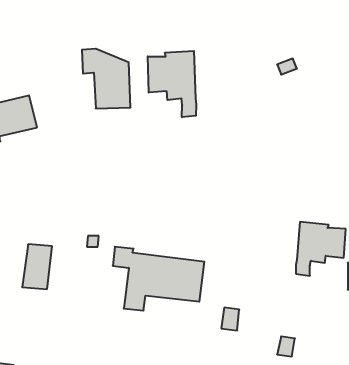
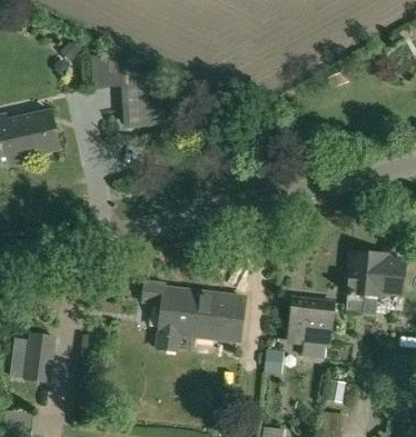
building: [148,51,196,117] -> none
building: [22,244,52,289] -> [21,331,55,381]
building: none -> [286,296,334,346]

